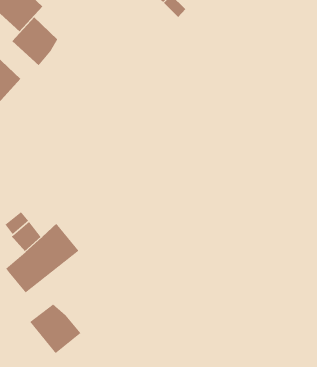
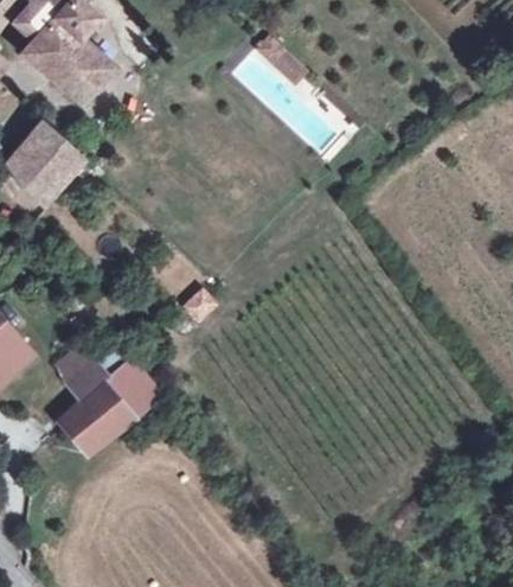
building: [12,16,58,66] -> none
building: [29,304,82,354] -> none

